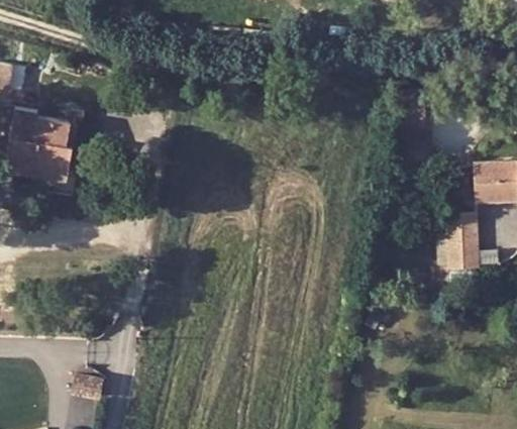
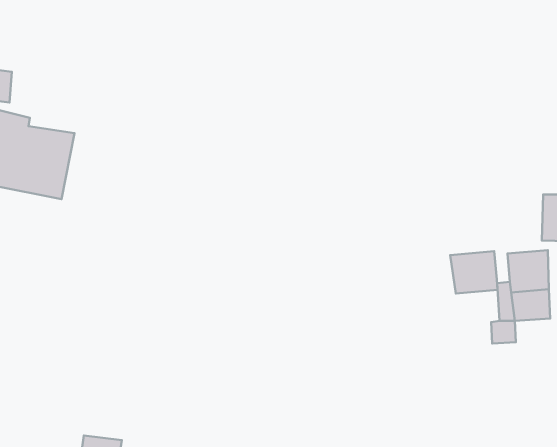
building: none -> [450,251,497,293]

